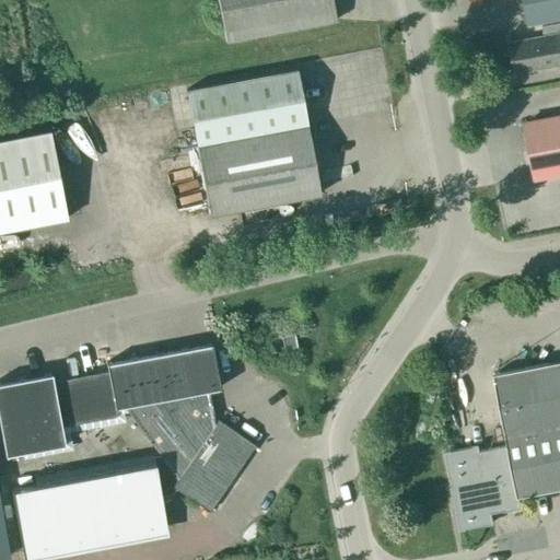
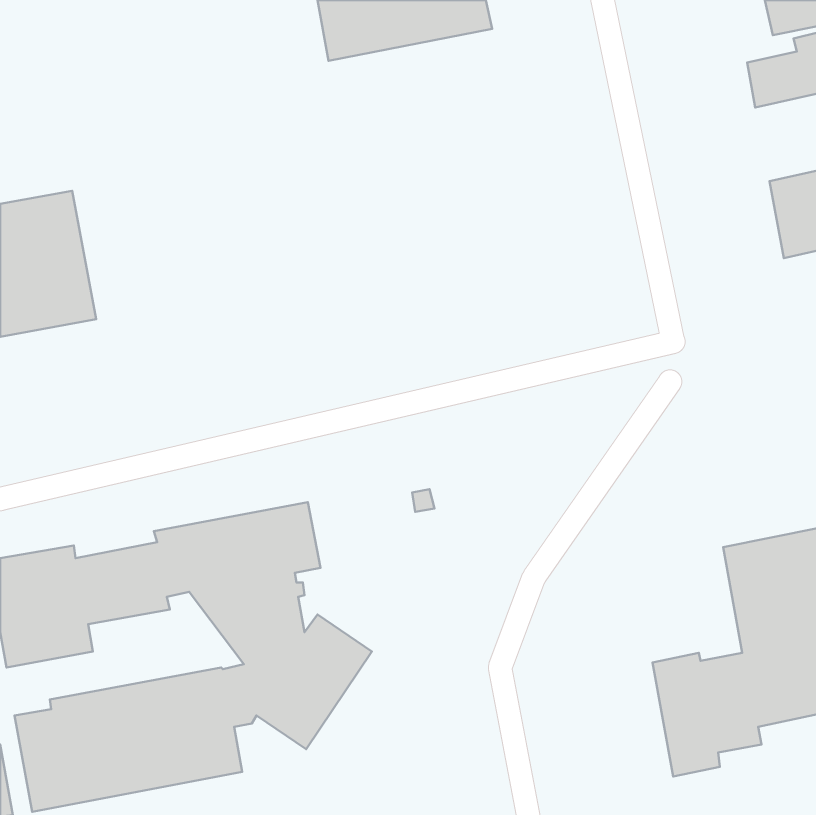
building: [187,72,320,217] -> none

